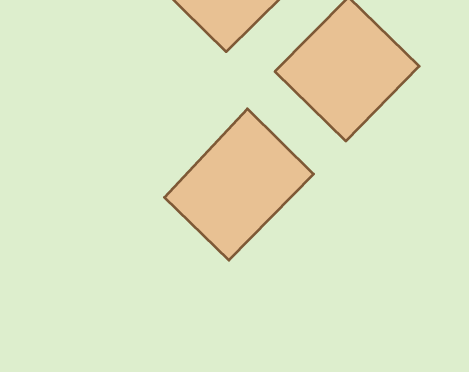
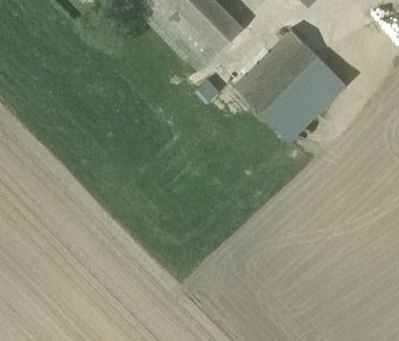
building: [164,109,314,260] -> none

